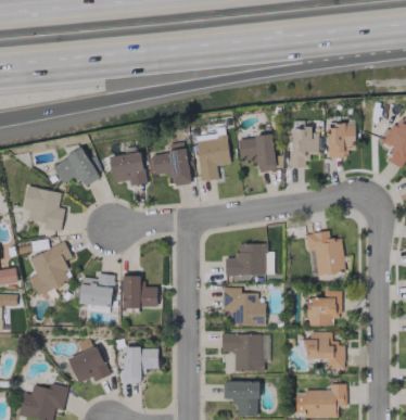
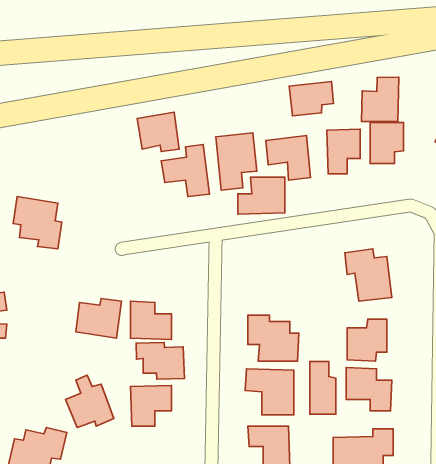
building: none -> [361,77,399,121]
building: none -> [289,82,334,116]
building: [52,149,98,187] -> none
building: [110,152,145,186] -> [137,112,179,152]
building: [29,243,73,295] -> none
building: [226,244,266,276] -> [238,177,285,214]
building: none -> [136,342,185,379]
building: none -> [310,362,336,414]

